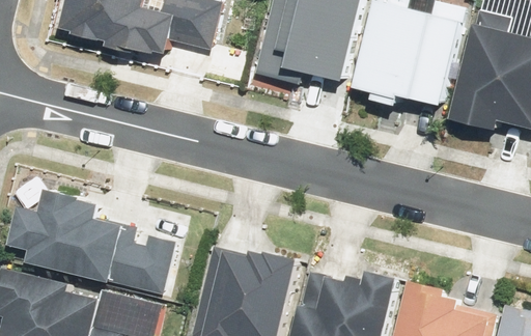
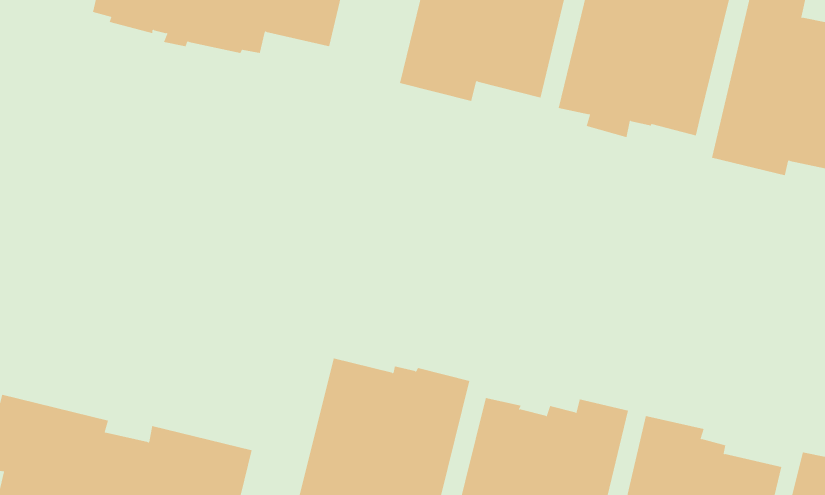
building: [8,188,174,293] -> none

